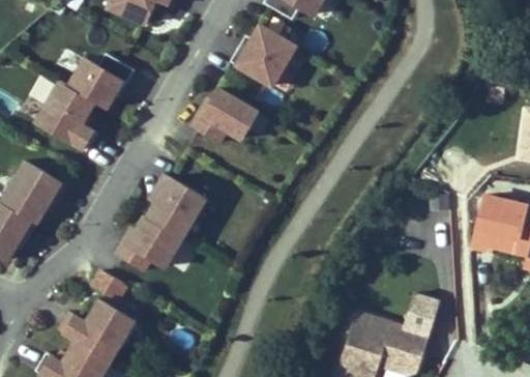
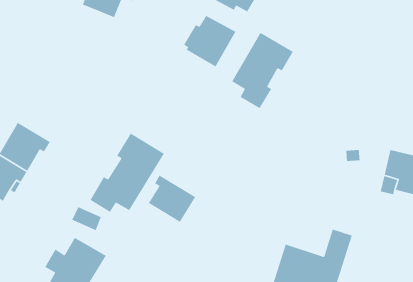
building: none -> [231,32,294,109]
building: [32,59,122,156] -> none
building: [200,88,257,144] -> none
building: none -> [148,175,196,223]

